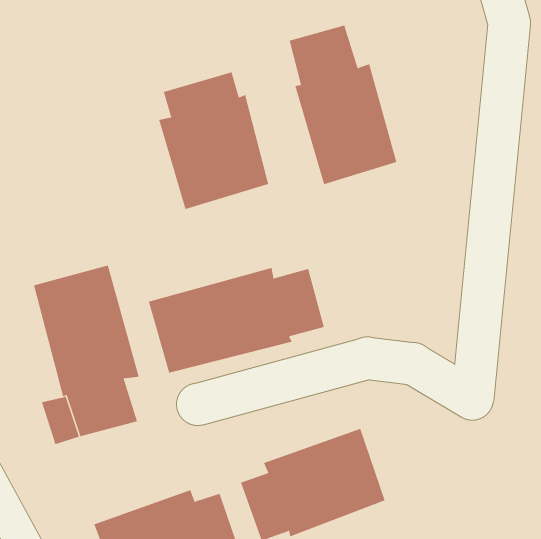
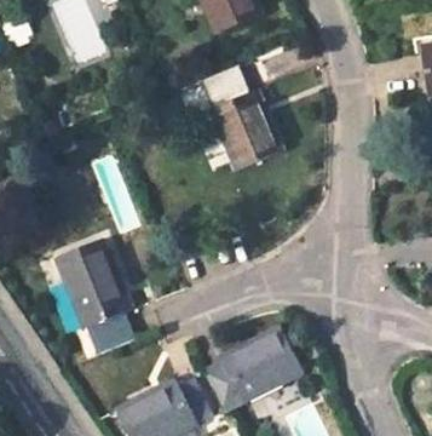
building: [159,71,269,210] -> none
building: [148,267,325,373] -> none

